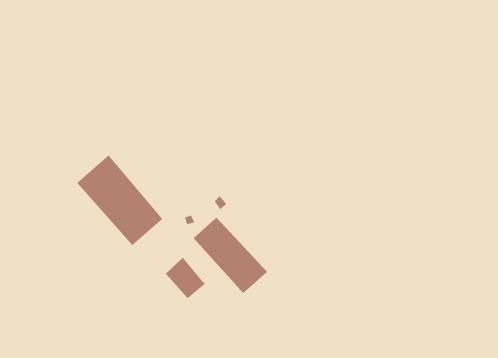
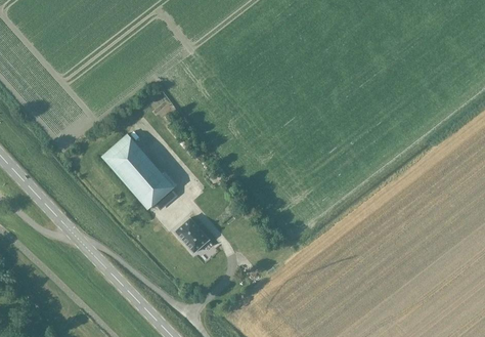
building: [193,217,268,294] -> none

